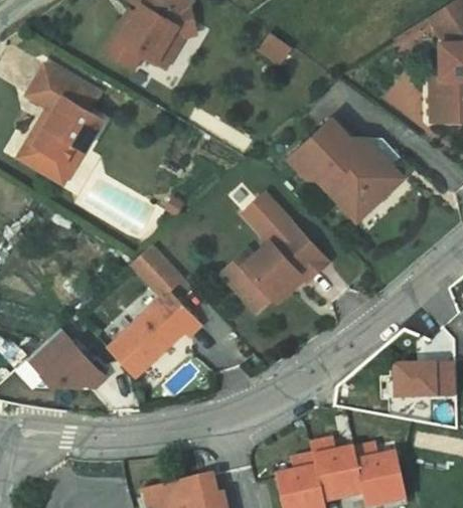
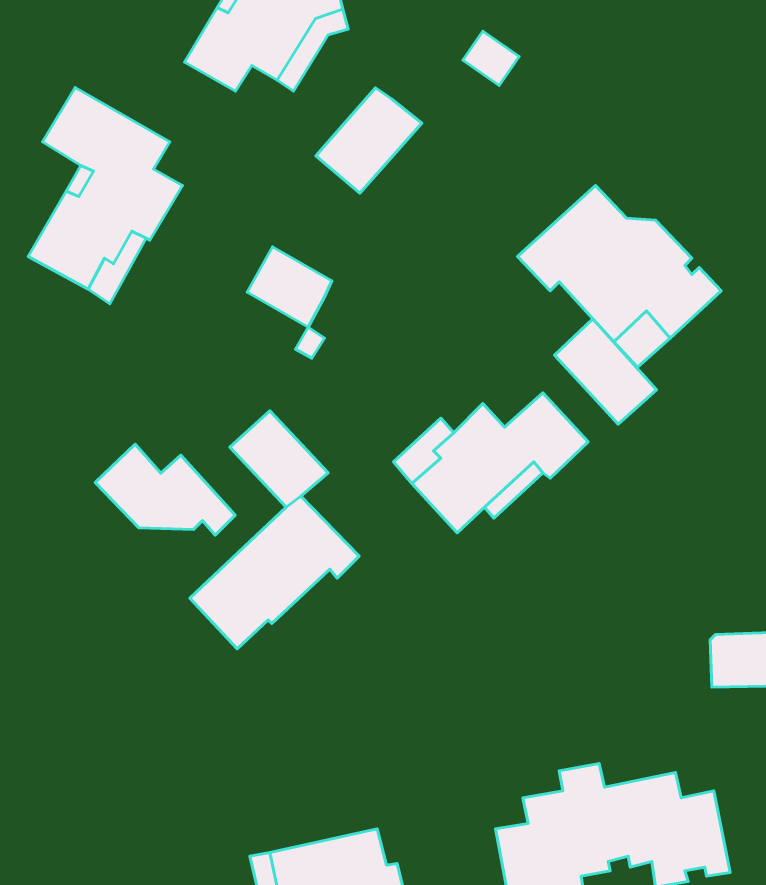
building: none -> [316,88,422,193]
building: none -> [247,247,332,327]
building: [247,194,303,252] -> [555,319,656,424]
building: [27,337,105,387] -> [95,444,235,535]

